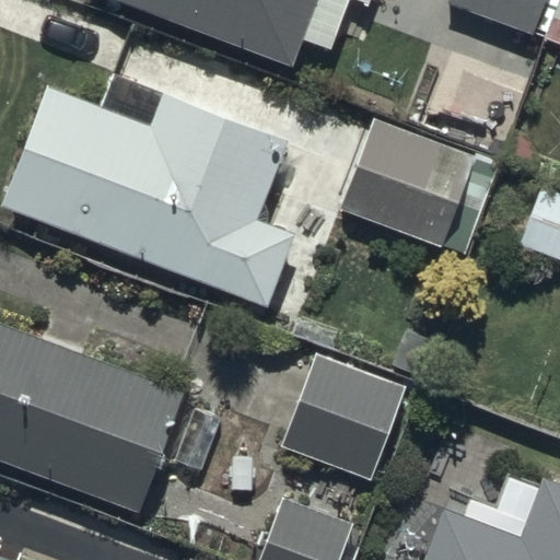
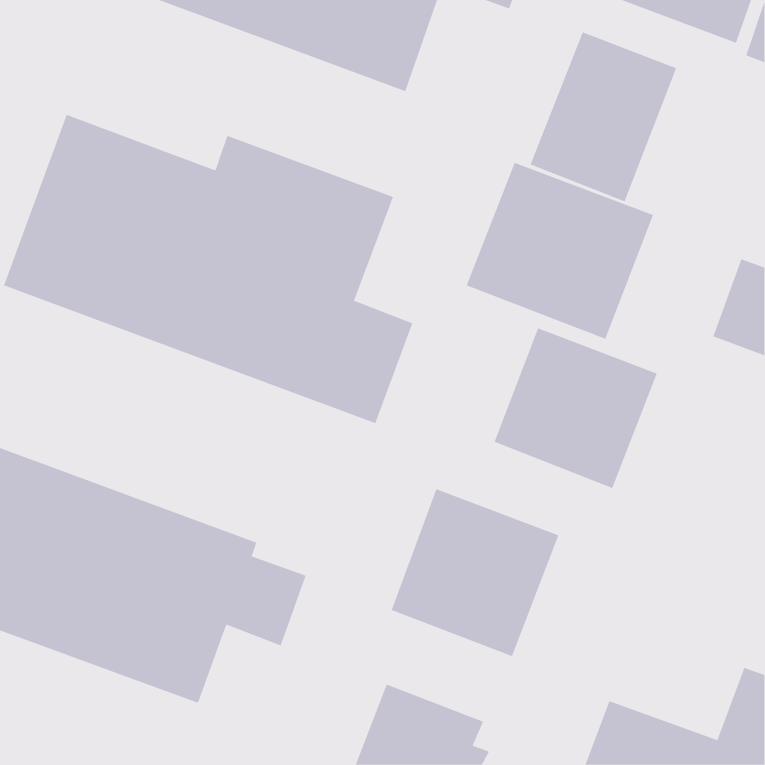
building: none -> [530,31,677,202]
building: none -> [494,327,657,489]

